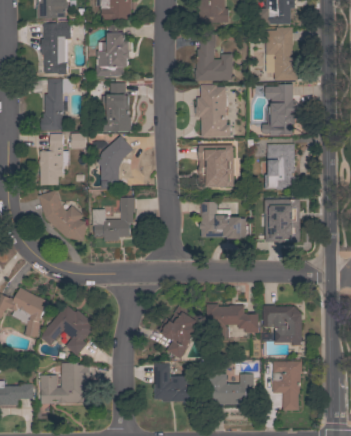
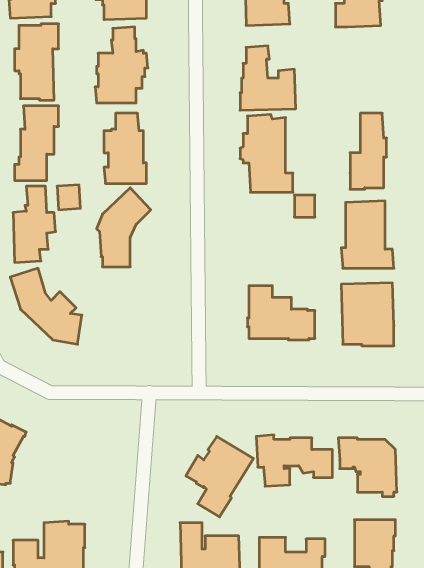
building: [265,27,298,80] -> none
building: [199,145,223,186] -> none
building: [92,197,135,240] -> none
building: [42,304,94,355] -> none

